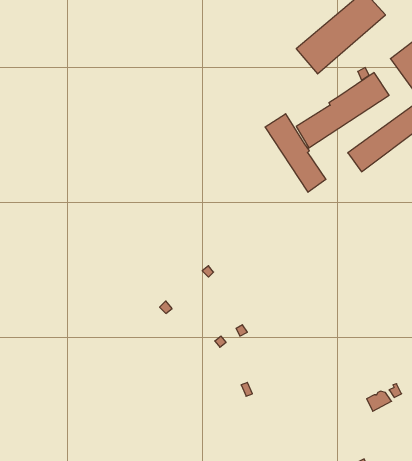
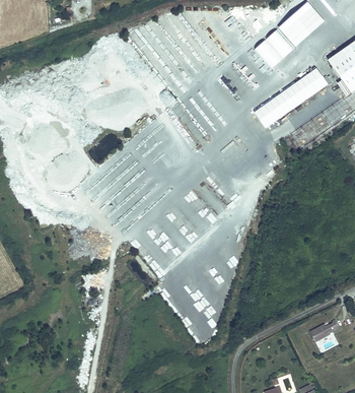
building: [265,114,326,192] -> none

